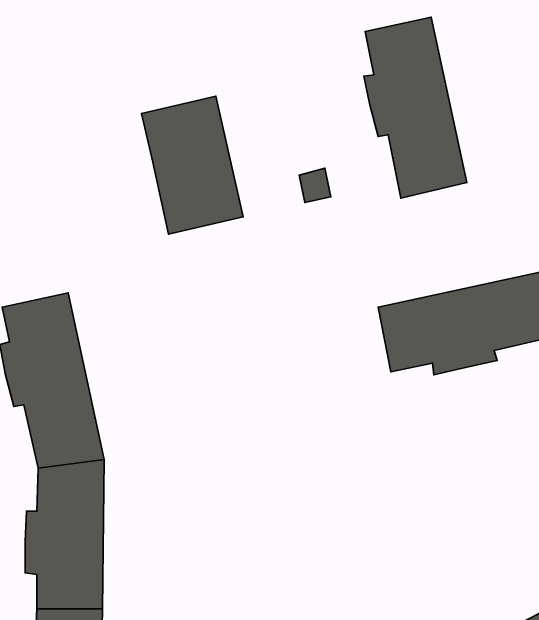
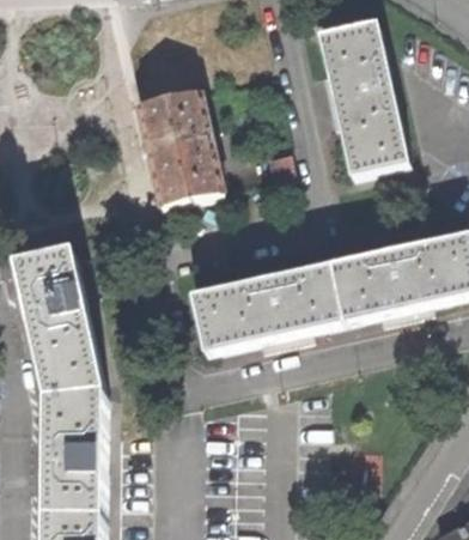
building: none -> [194,265,343,348]

